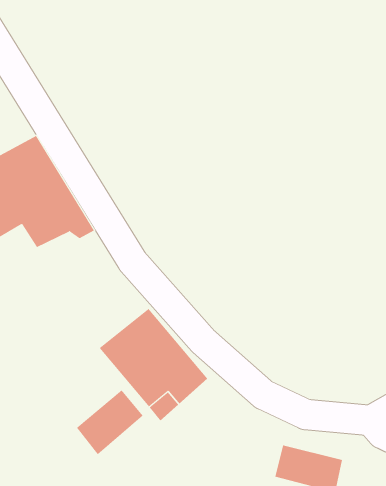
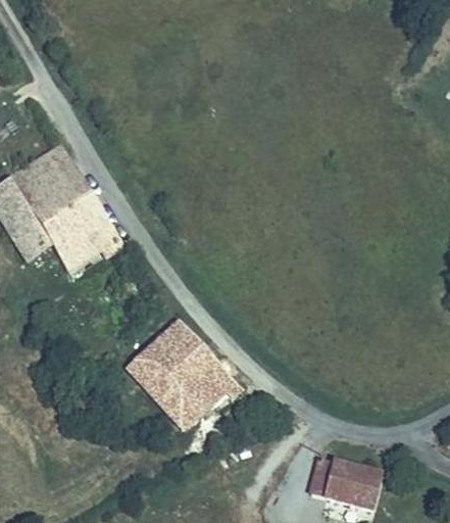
building: [76,389,144,455] -> none

